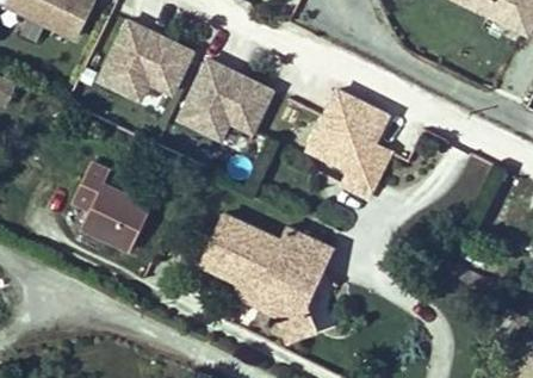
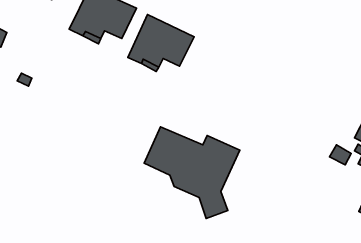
building: [309,91,391,197] -> none
building: [72,163,151,252] -> none

